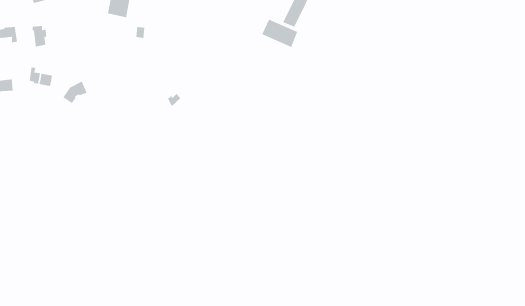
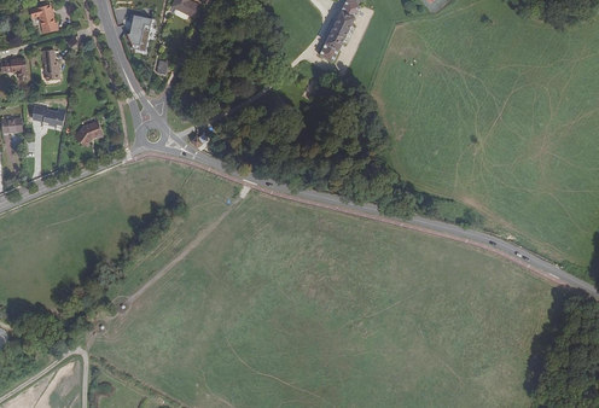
building: [262,19,298,48] -> none

